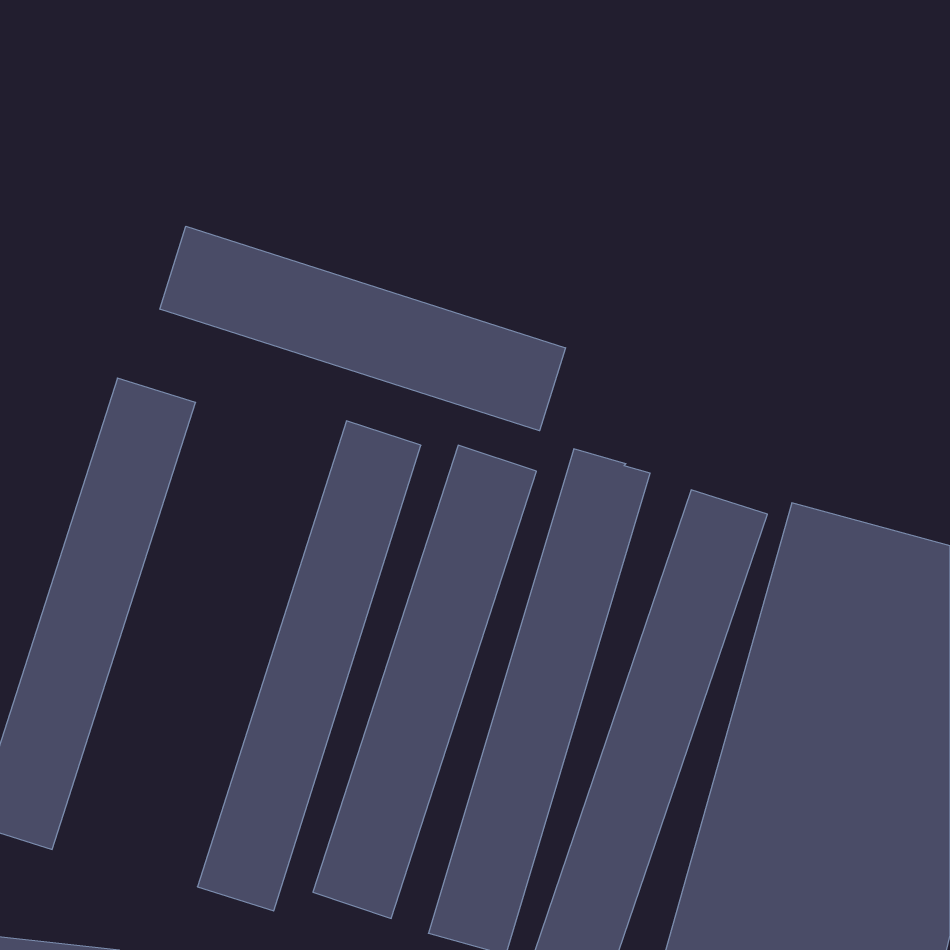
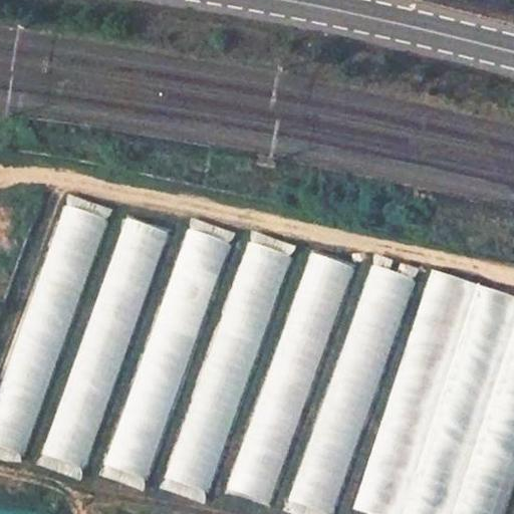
building: [160,226,566,431] -> none
building: none -> [50,219,162,475]

